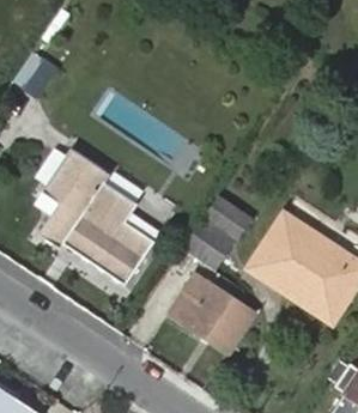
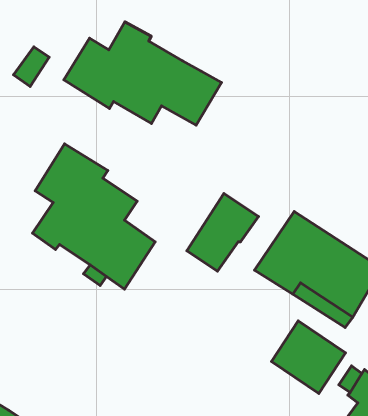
building: none -> [64,22,221,125]
building: [184,283,254,351] -> [271,321,345,393]

